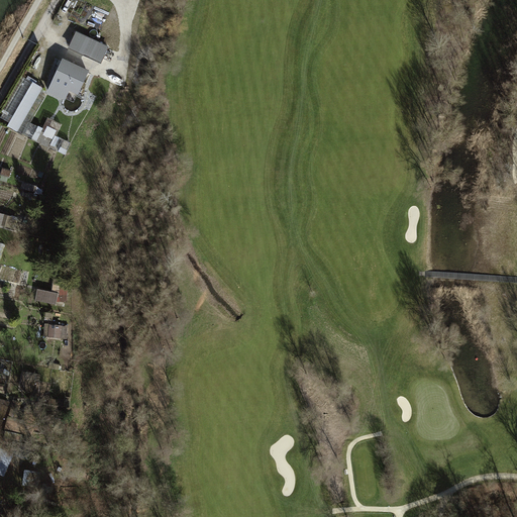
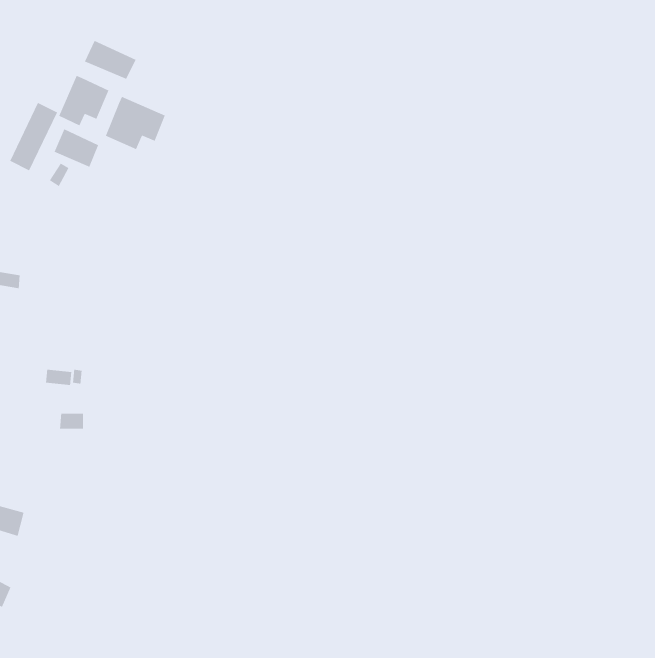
building: none -> [105,96,166,150]
building: none -> [53,128,99,168]

